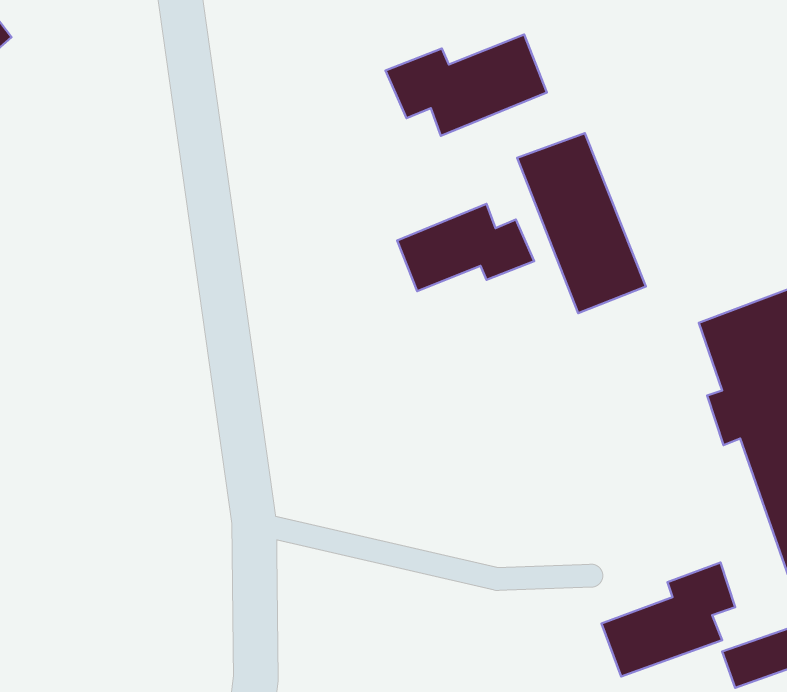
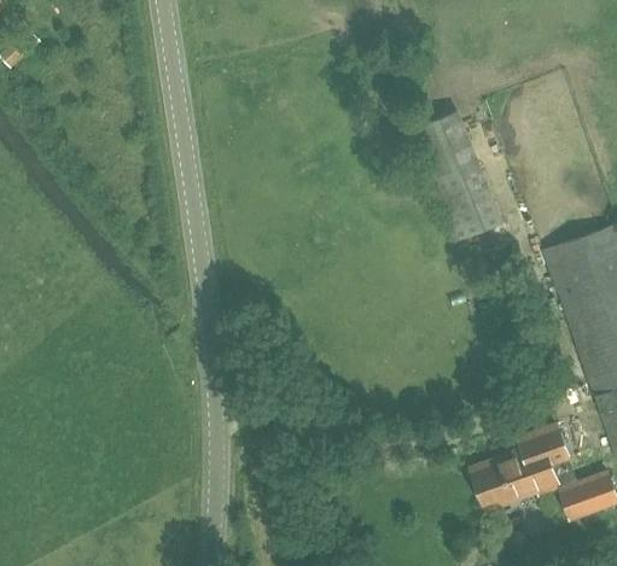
building: [386,35,547,136] -> none
building: [397,204,534,291] -> none

